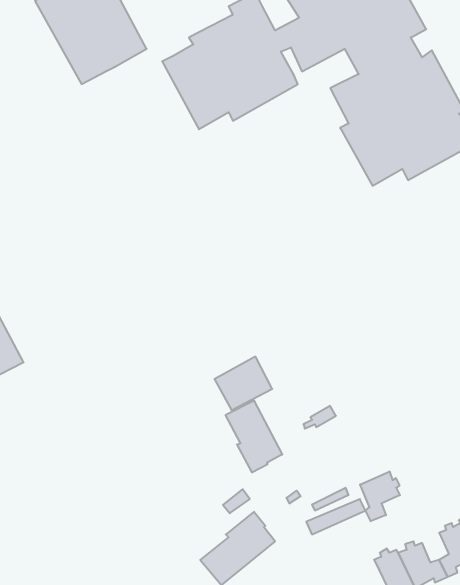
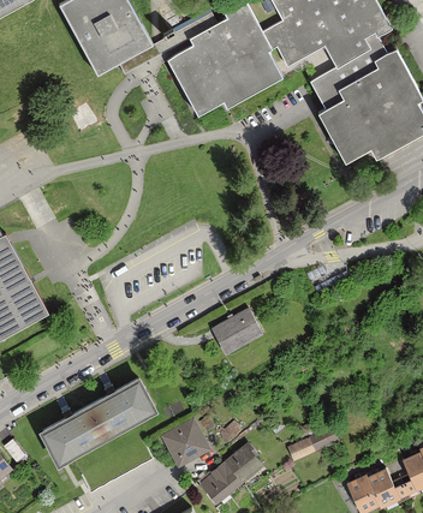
building: [226,400,282,473] -> none
building: none -> [38,376,156,464]
building: [360,471,400,521] -> none
building: none -> [160,420,208,465]

